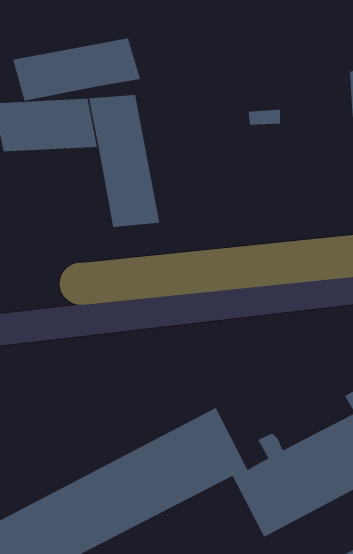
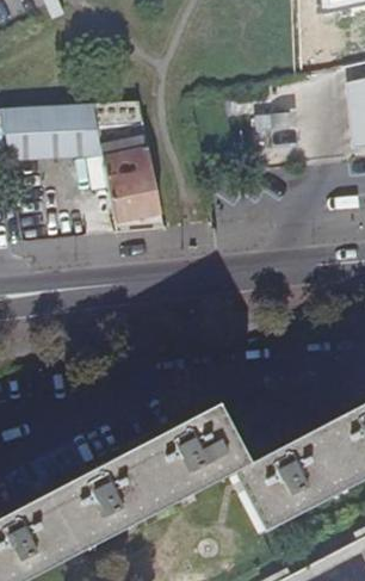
building: [13,38,141,102] -> none

